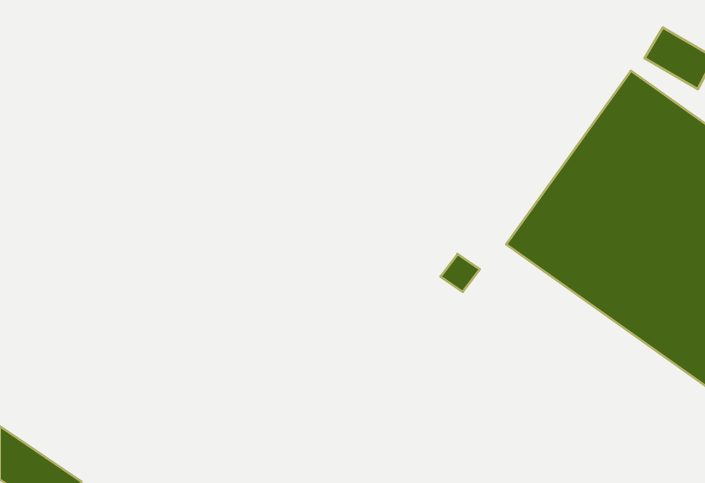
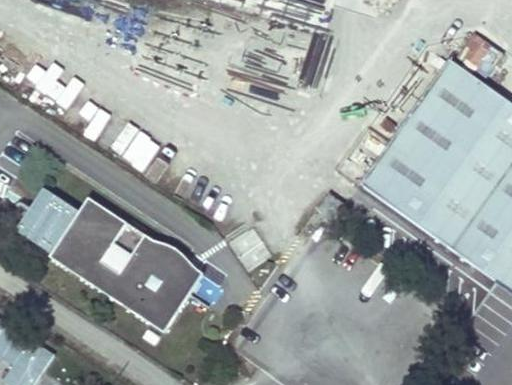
building: none -> [14,185,200,329]

